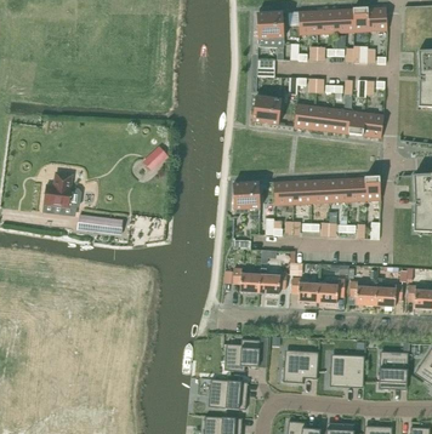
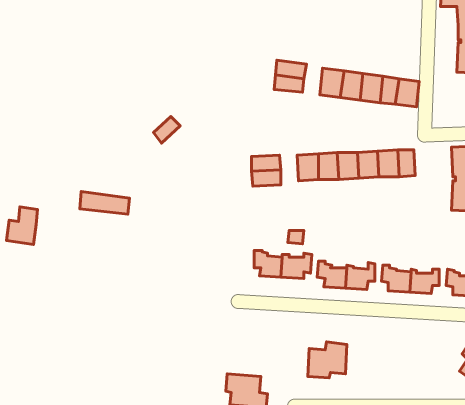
building: [42,172,70,206] -> [7,207,37,244]
building: [224,338,260,371] -> none
building: [379,350,408,388] -> none
building: [329,354,364,387] -> none

